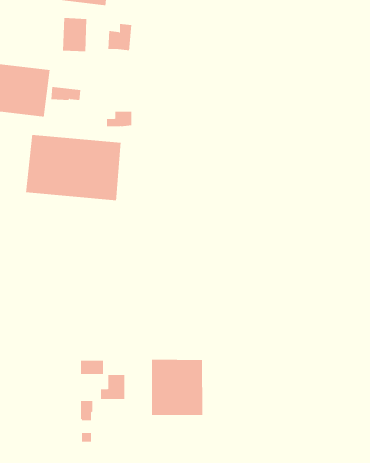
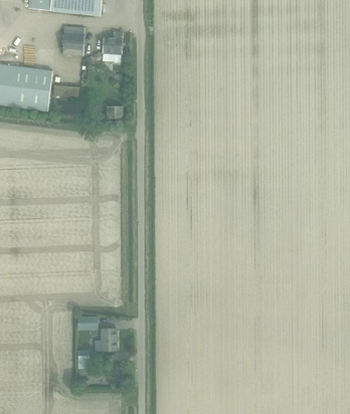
building: [26,134,121,201] -> none
building: [152,359,203,416] -> none

